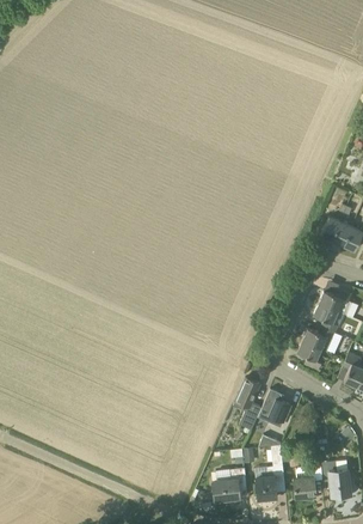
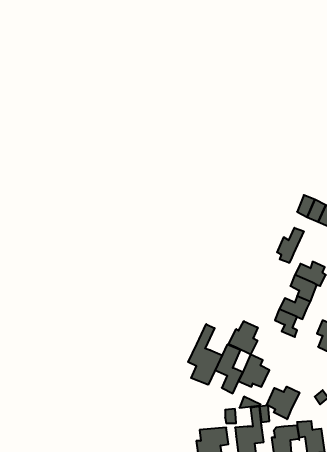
building: none -> [277,228,304,263]
building: none -> [229,321,258,355]
building: none -> [188,324,222,385]
building: none -> [267,387,299,419]

